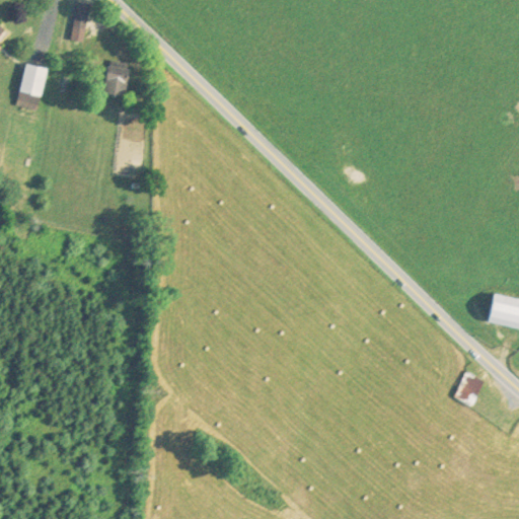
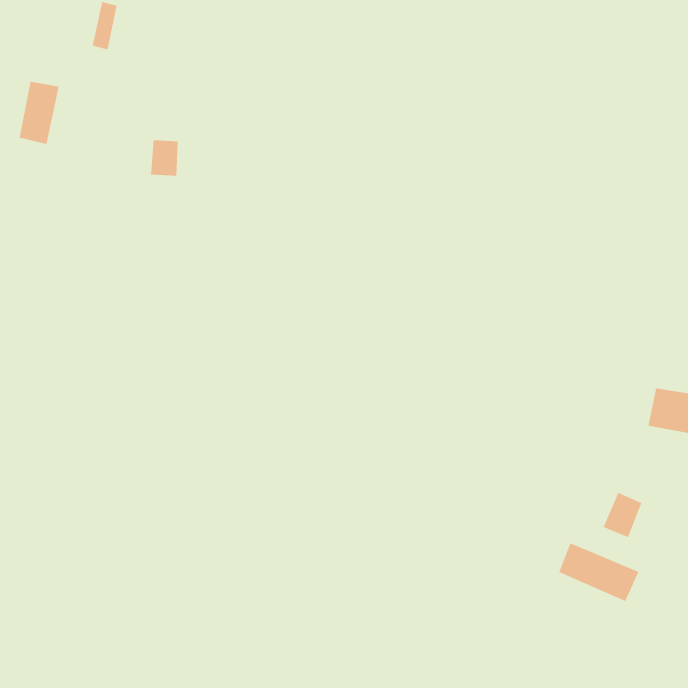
building: [105,67,127,94] -> [150,140,178,176]
building: none -> [558,542,639,602]

